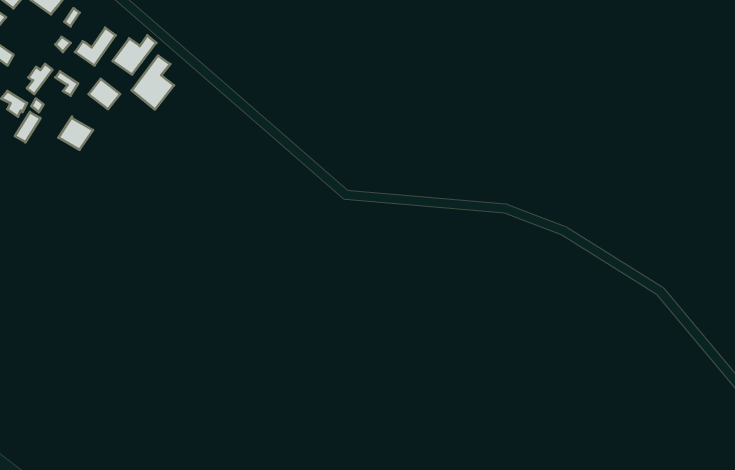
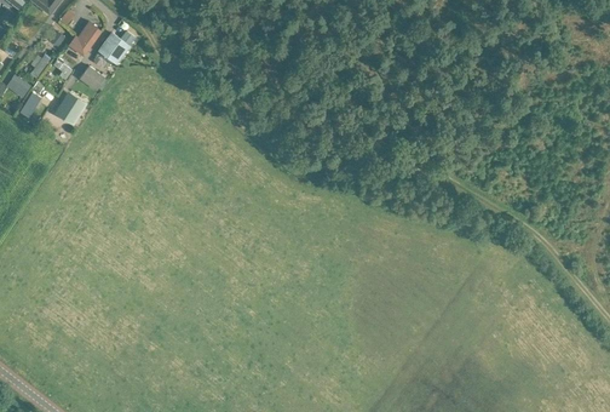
building: [132,56,174,109] -> none

